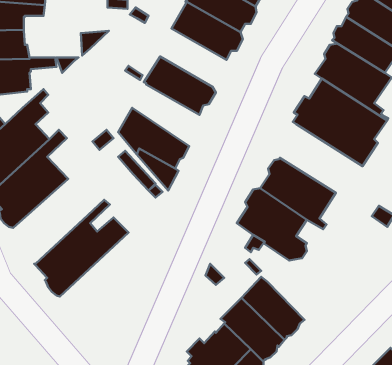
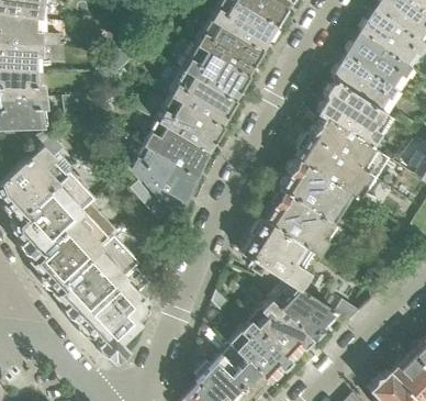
building: none -> [169,69,236,123]
building: none -> [145,121,211,179]
building: none -> [281,158,367,227]
building: none -> [31,199,103,290]
building: none -> [77,260,155,358]
building: none -> [272,286,337,343]

